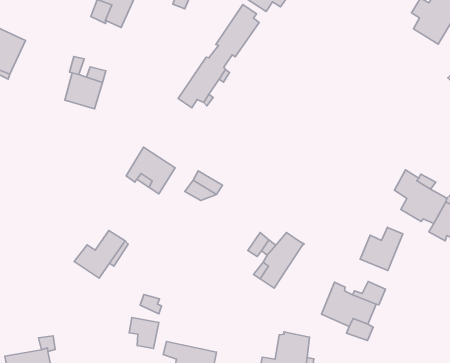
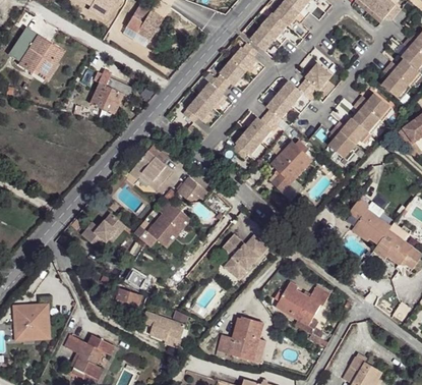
building: none -> [233,61,334,156]
building: none -> [326,93,389,158]
building: none -> [273,143,311,191]
building: none -> [147,202,190,248]
building: [360,227,403,271] -> none

